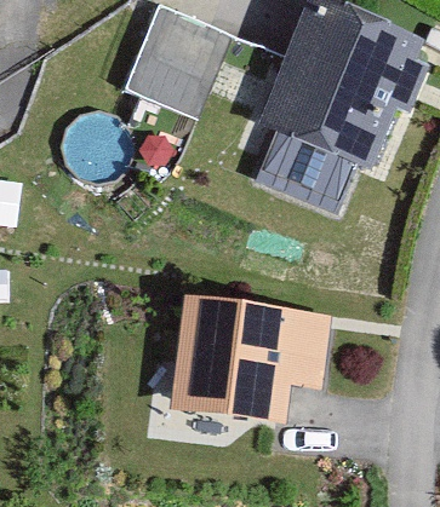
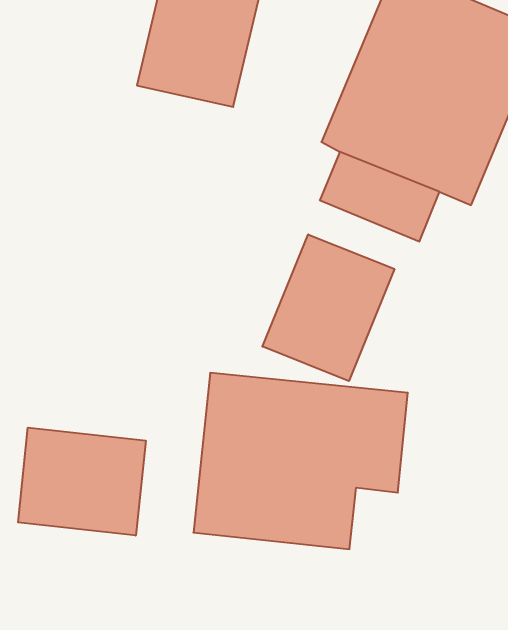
building: none -> [262,234,394,381]
building: none -> [18,428,146,536]

